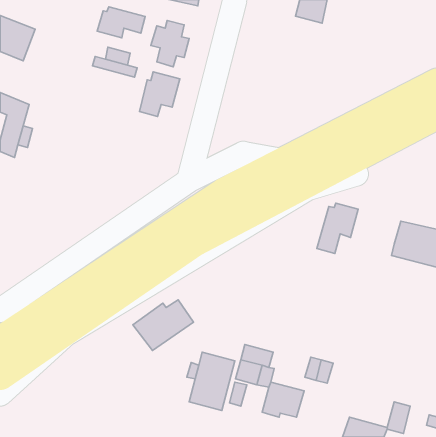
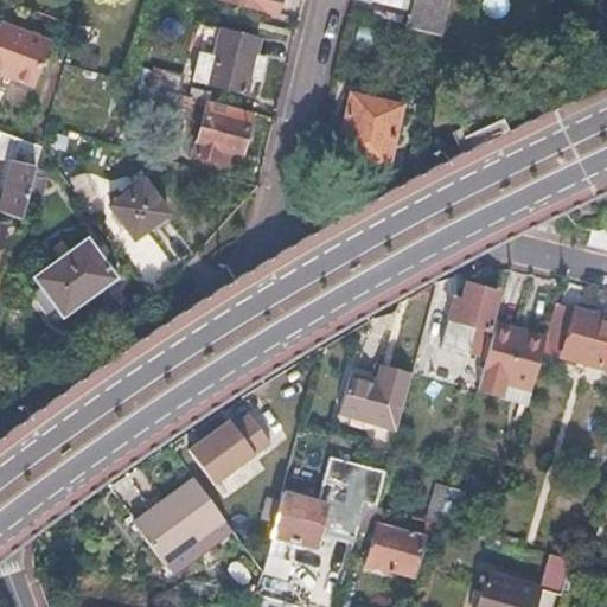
building: [97,7,145,38] -> none
building: none -> [333,92,400,160]
building: none -> [110,178,171,239]
building: none -> [36,236,109,302]
building: none -> [478,324,548,396]
building: none -> [341,363,414,427]
building: none -> [132,478,223,564]

